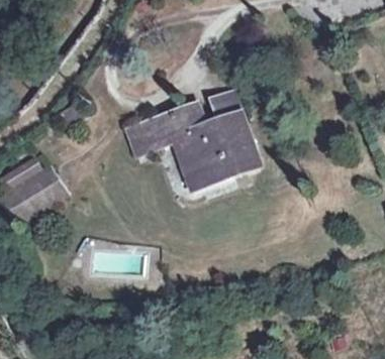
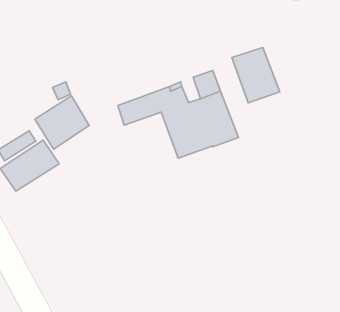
building: none -> [232,47,280,103]
building: none -> [35,96,89,149]

